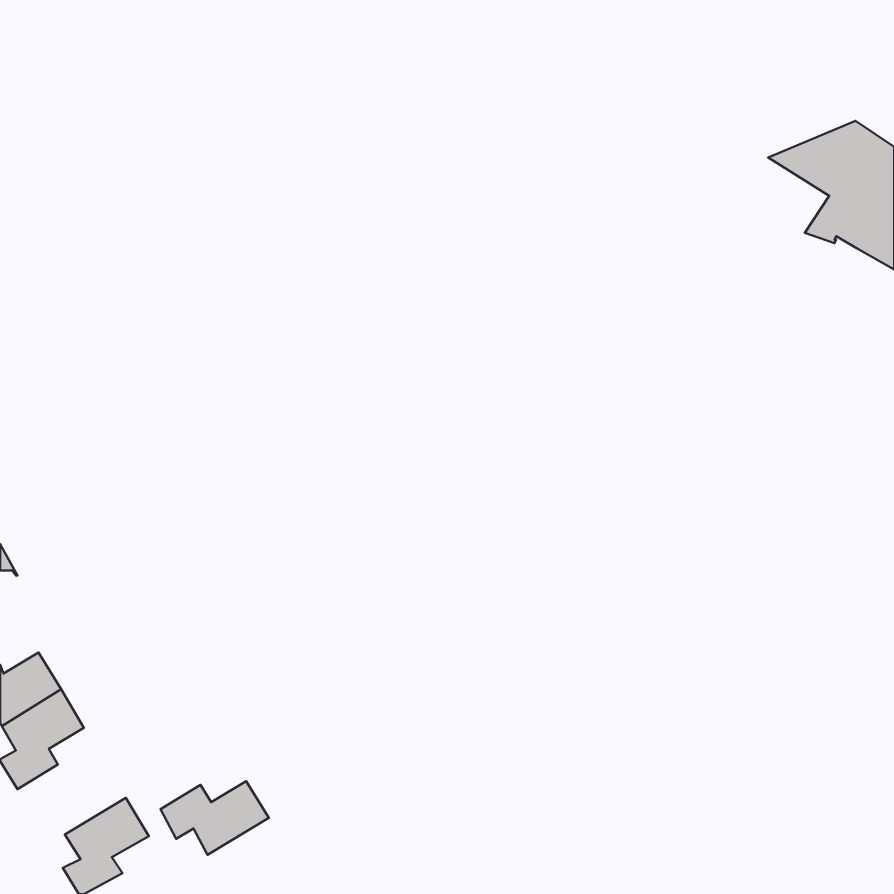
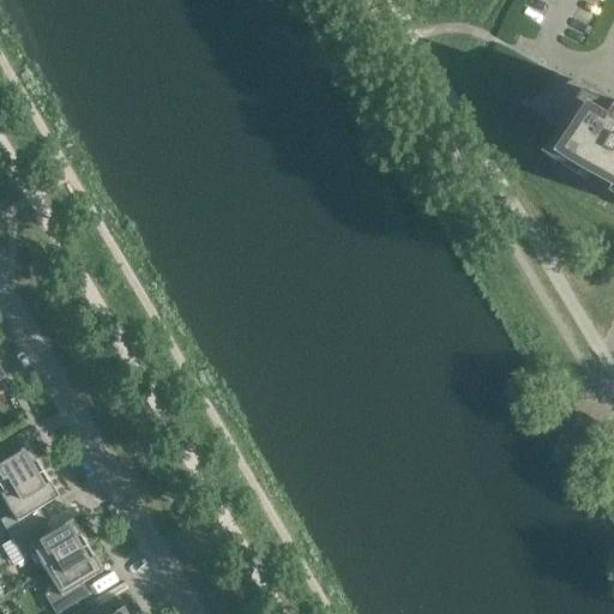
building: [160,781,269,855] -> [12,522,86,572]

